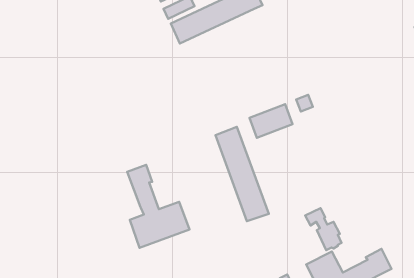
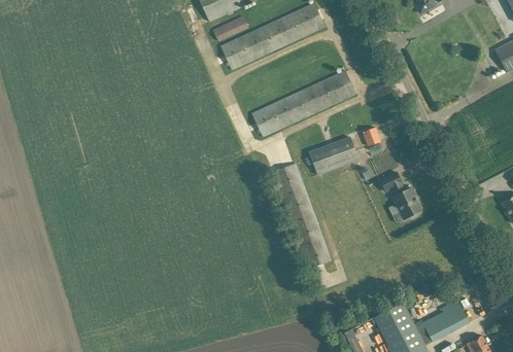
building: none -> [252,69,356,135]
building: [127,165,190,248] -> none
building: [305,208,342,250] -> [380,171,421,218]

